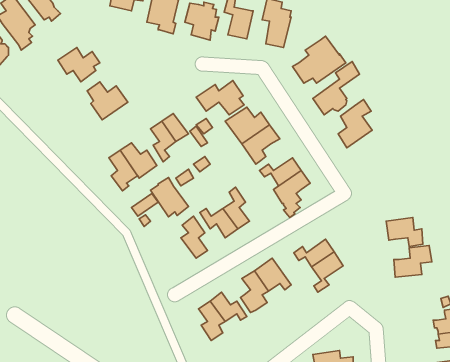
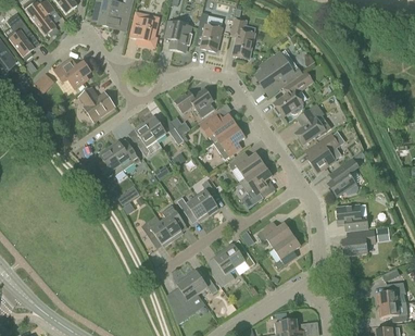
building: none -> [307,132,341,173]
building: none -> [328,153,361,197]
building: [151,177,189,217] -> [141,214,174,248]

